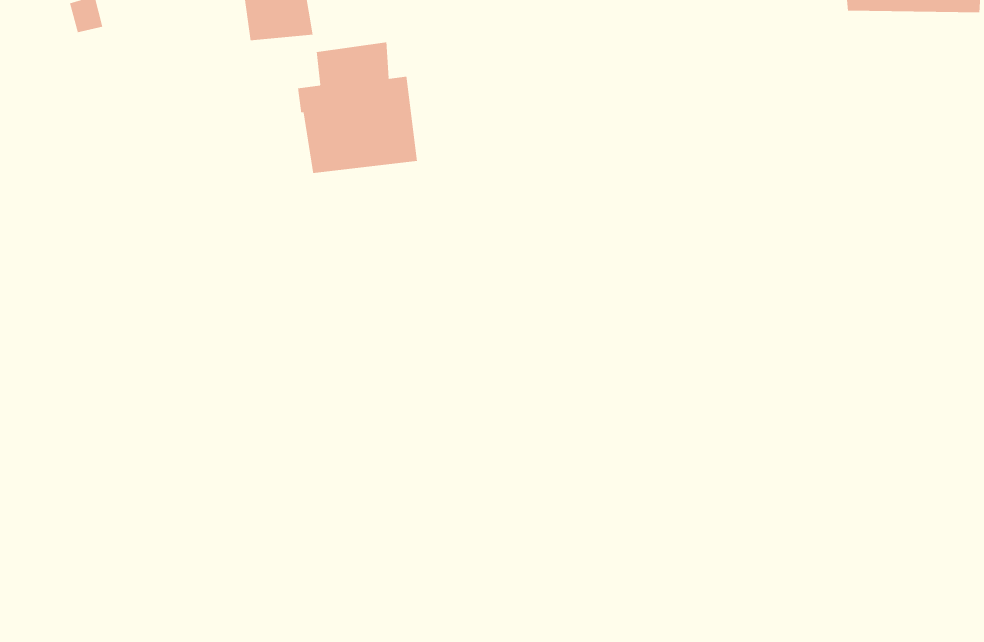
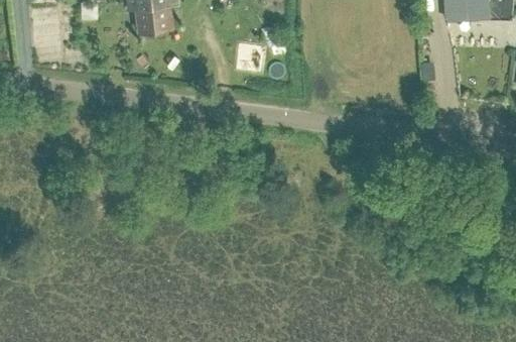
building: [298,42,417,174] -> none

